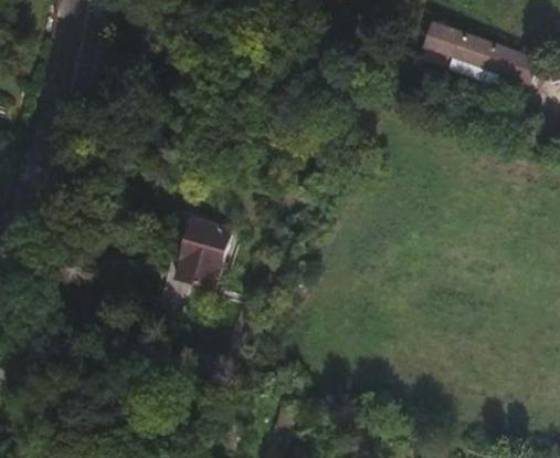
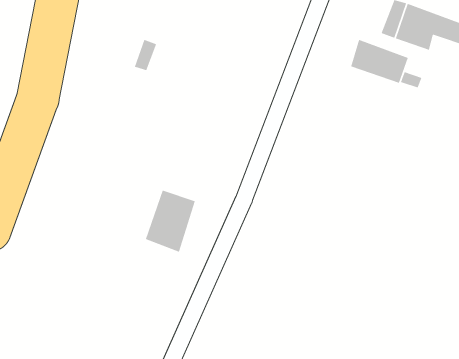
building: none -> [350,39,409,84]

